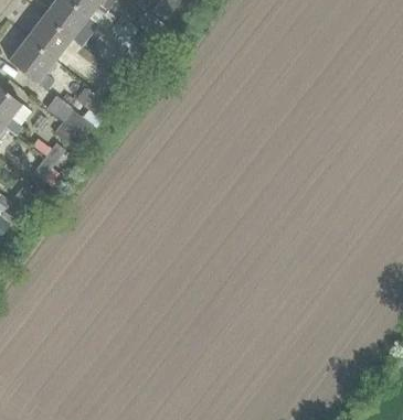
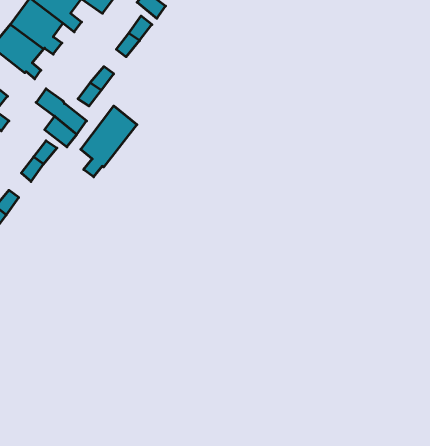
building: none -> [81,106,137,177]

